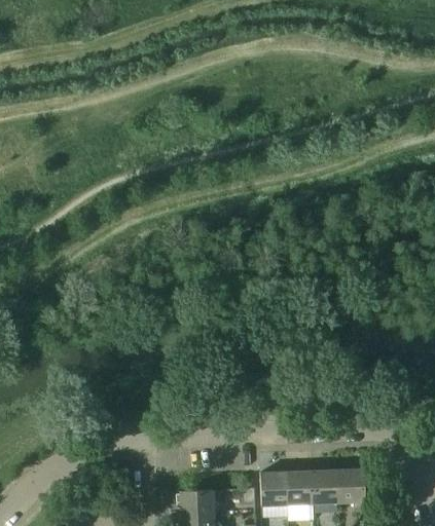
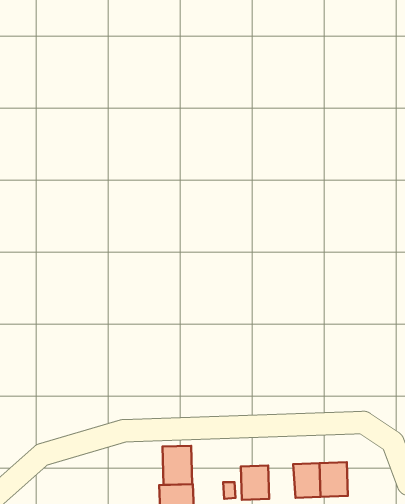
building: none -> [162,446,192,485]
building: [287,471,314,504] -> none

